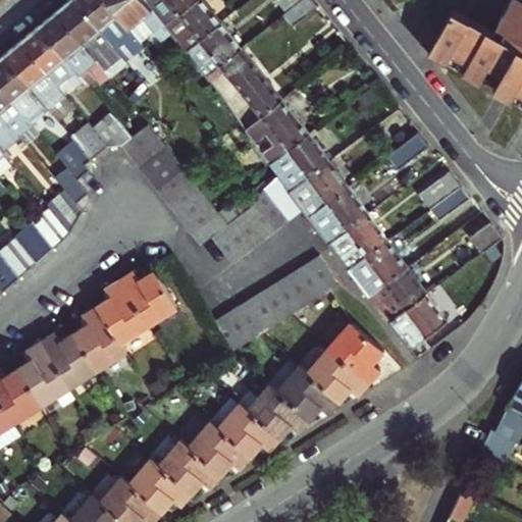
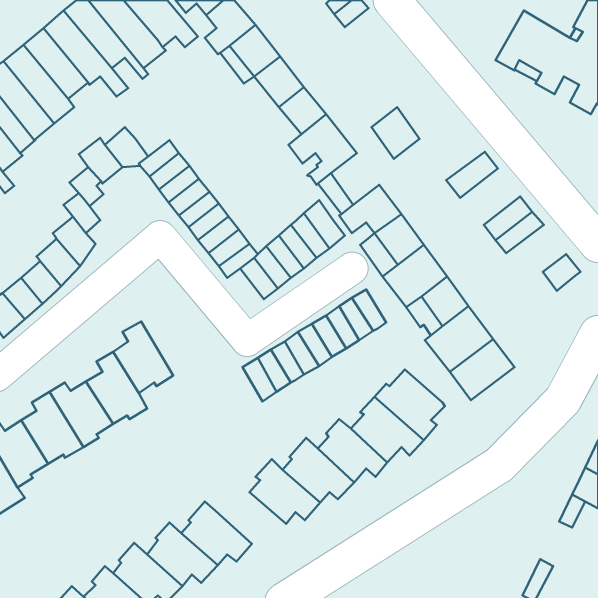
building: [286,136,328,180] -> [371,107,420,159]
building: [122,273,175,328] -> none
building: [187,419,248,474] -> none

